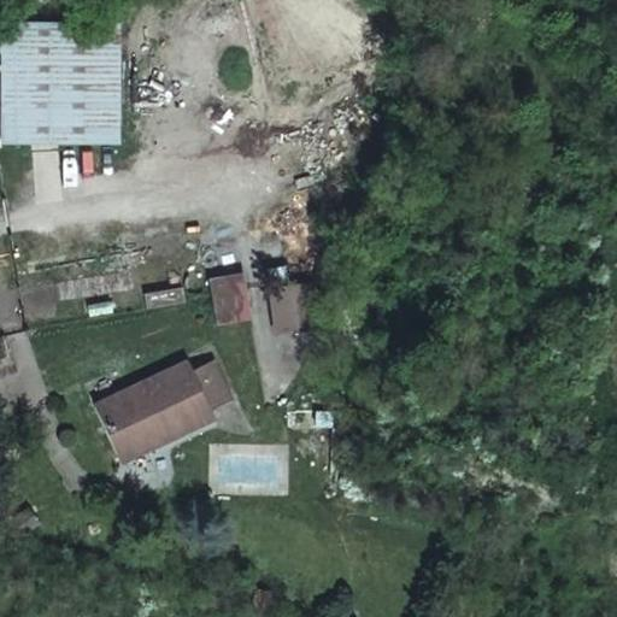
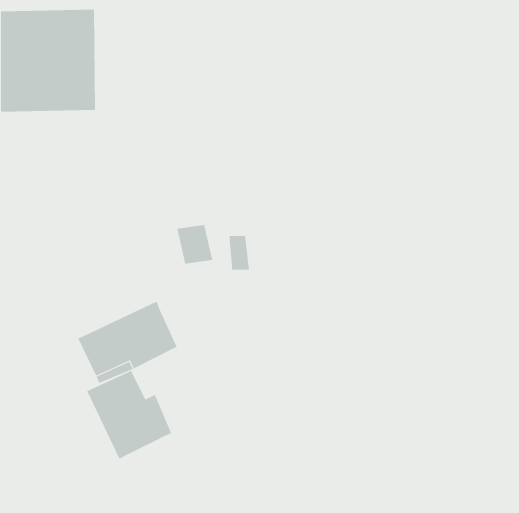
building: [192,362,233,412] -> none
building: none -> [87,370,172,460]

